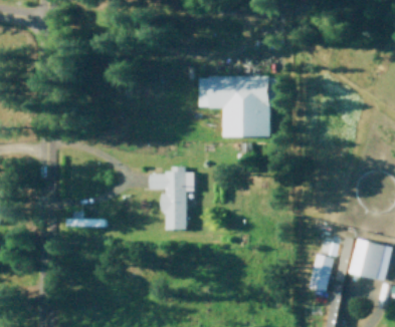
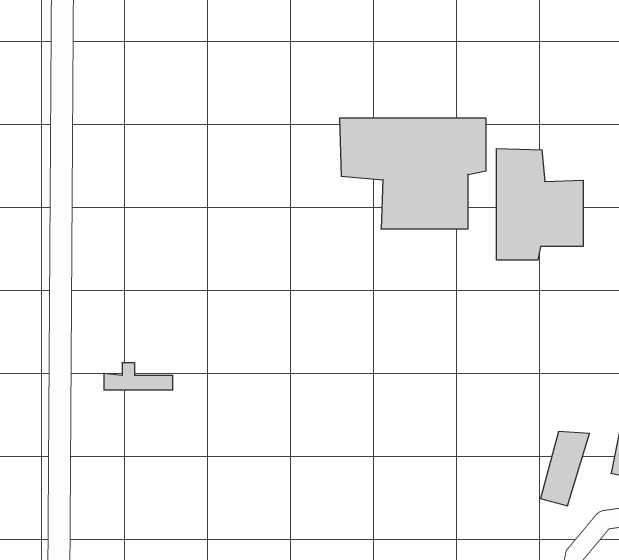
building: none -> [497,149,583,260]
building: [149,166,194,231] -> none

